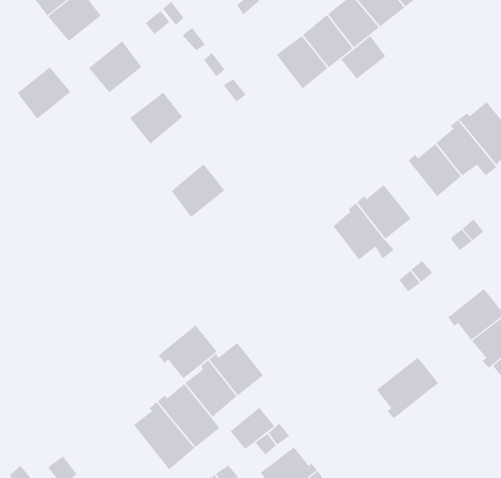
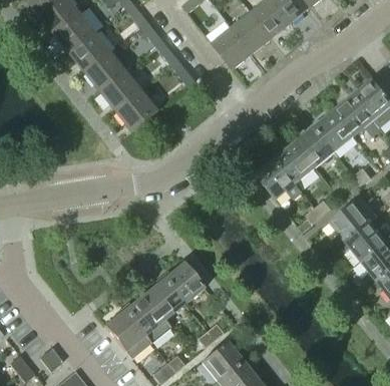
building: [341,35,386,80] -> none
building: [17,67,71,119] -> [55,13,96,53]
building: none -> [86,52,127,91]
building: none -> [295,123,335,167]
building: [171,164,225,218] -> [117,90,158,131]
building: [158,324,217,379] -> none
building: [376,357,439,419] -> [330,196,378,243]
building: [230,407,275,450] -> none

